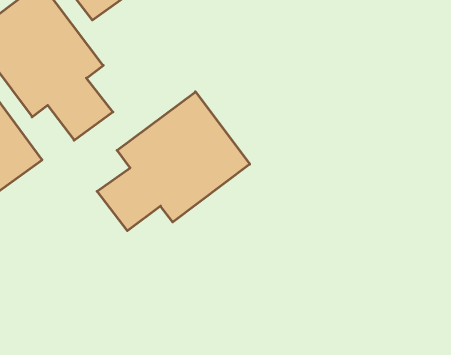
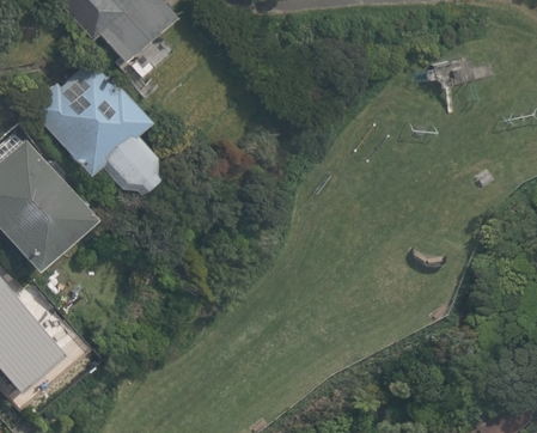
building: [97,92,250,231] -> none

